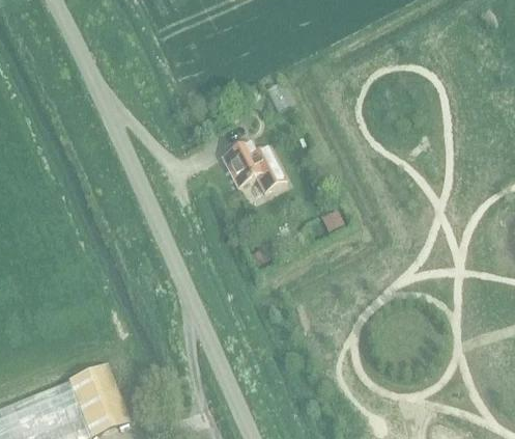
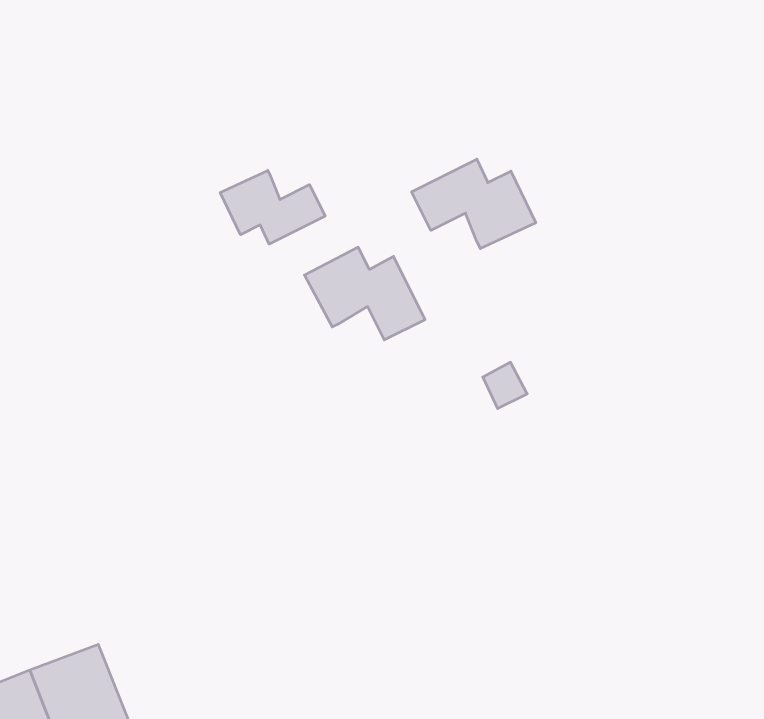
building: none -> [412,159,536,249]
building: none -> [220,170,325,244]

